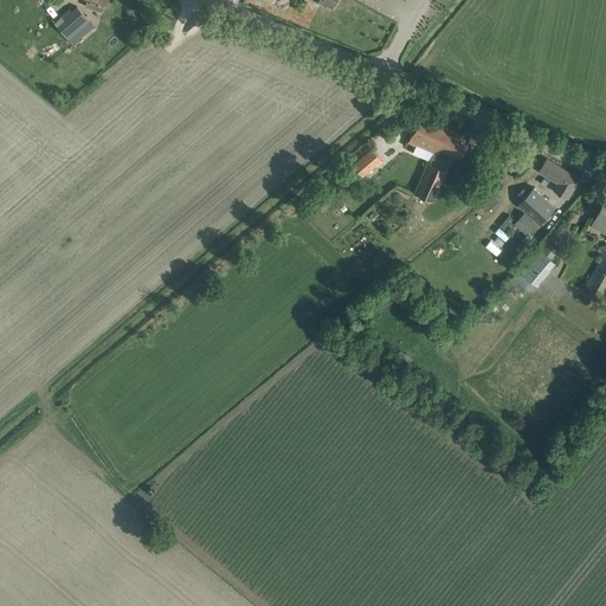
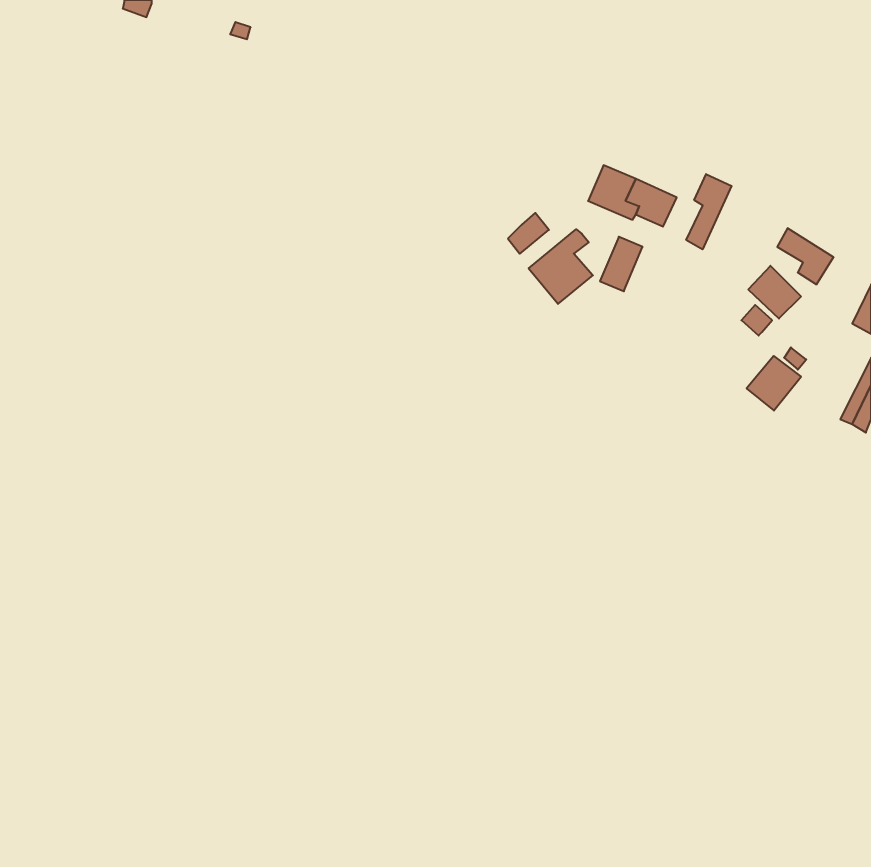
building: [53,7,94,46] -> none
building: none -> [686,174,732,249]
building: none -> [529,229,593,304]

